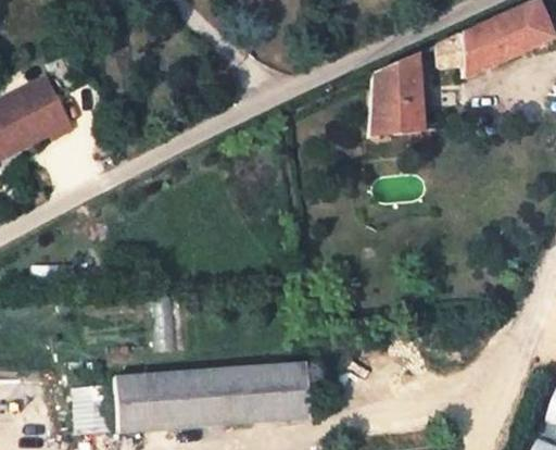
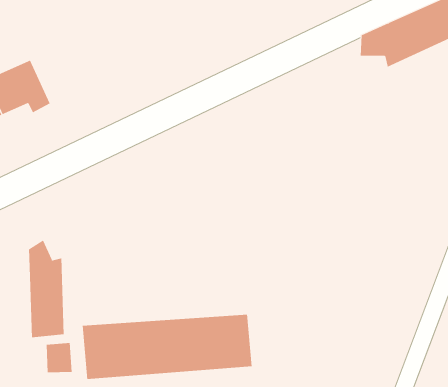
building: [371,50,419,136] -> none
building: none -> [28,239,64,338]

